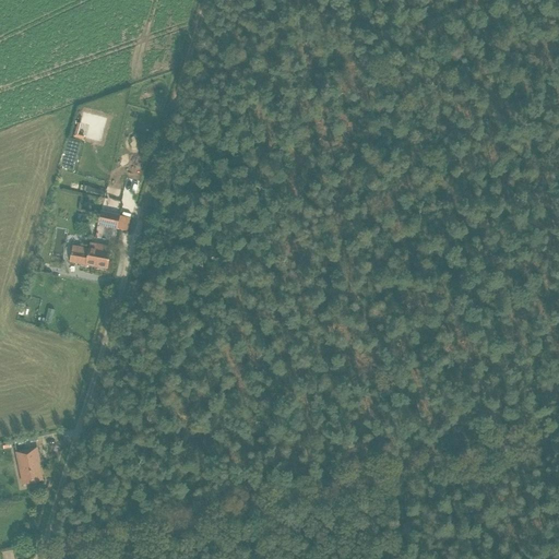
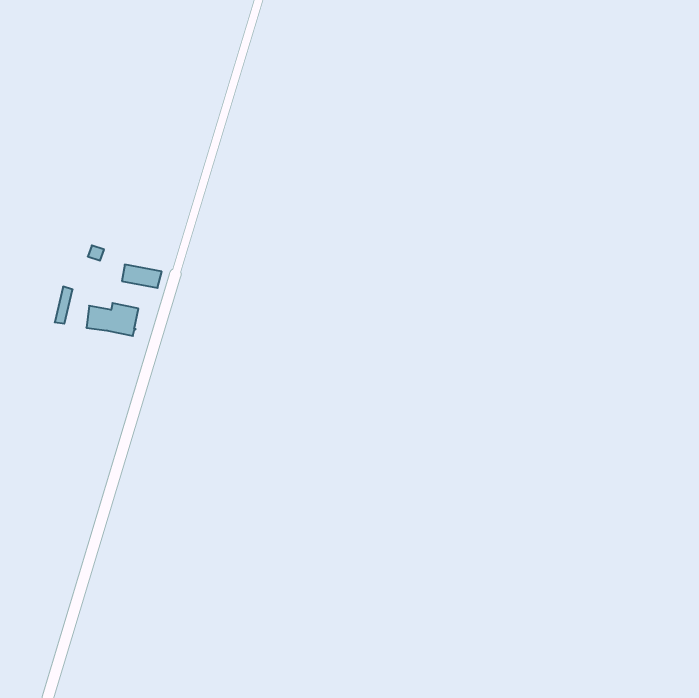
building: [15,447,41,484] -> none

